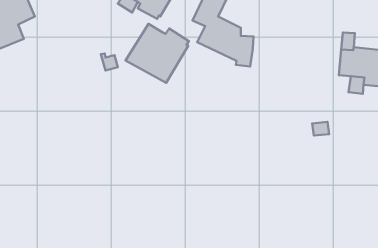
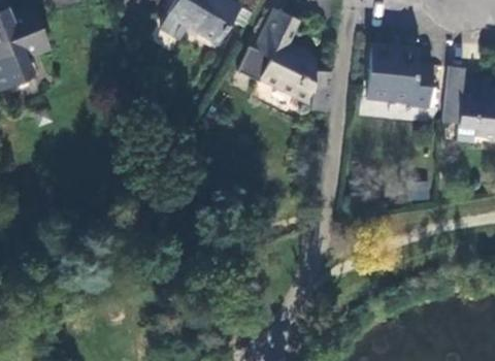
building: none -> [366,45,431,107]
building: [125,24,189,83] -> none

